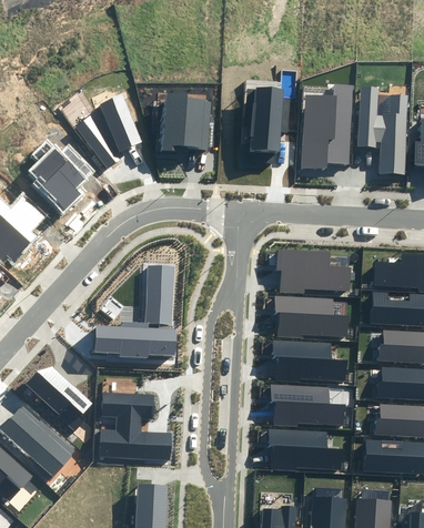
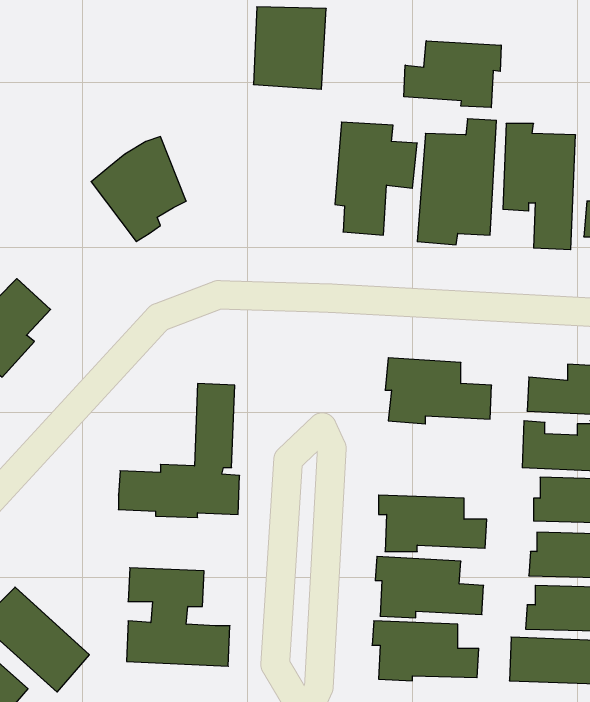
building: none -> [404,41,501,108]
building: [160,97,210,153] -> [253,7,326,89]
building: [29,144,88,213] -> none
building: [274,294,349,337] -> none
building: [29,365,93,426] -> none

